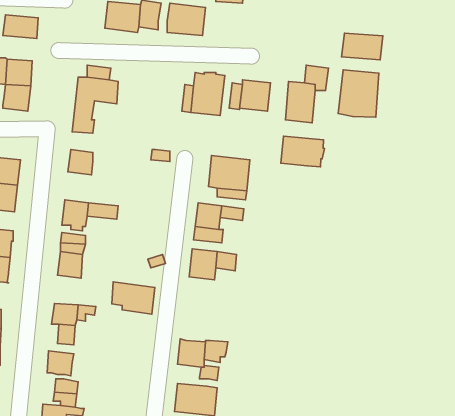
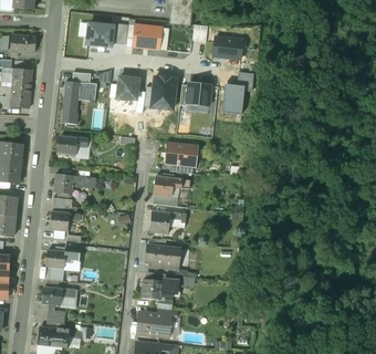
building: [342,33,383,60] -> [210,40,241,60]
building: none -> [116,76,138,101]
building: [338,70,379,117] -> none
building: [281,136,325,167] -> none
building: [112,282,155,314] -> [145,243,177,268]

